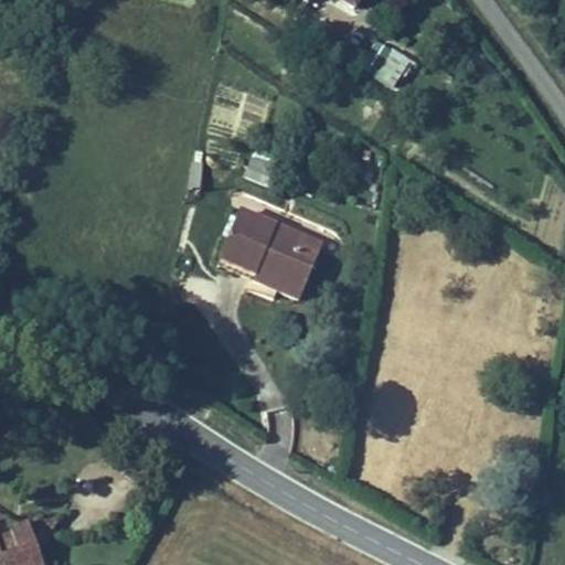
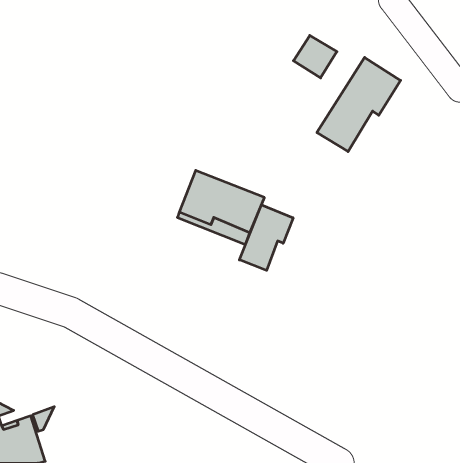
building: none -> [317,57,401,152]
building: none -> [239,205,293,270]

